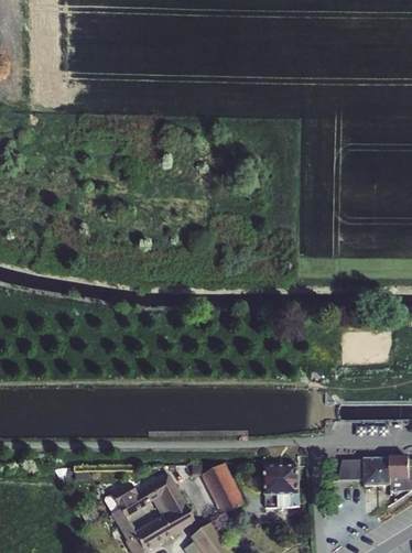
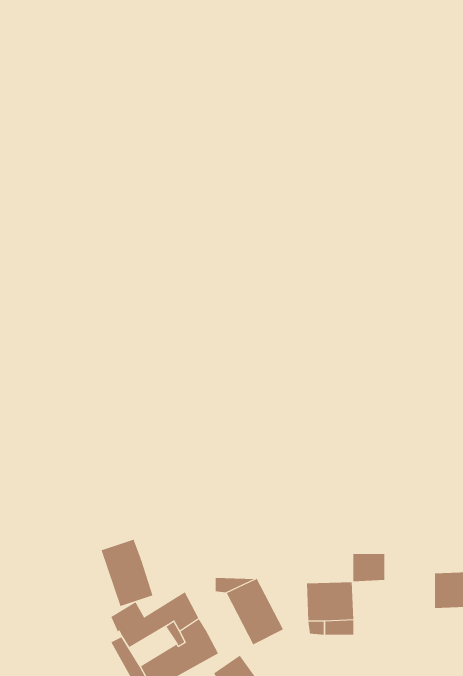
building: none -> [101,539,153,607]
building: [338,459,364,481] -> [353,554,385,582]

